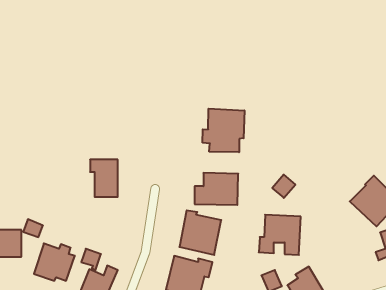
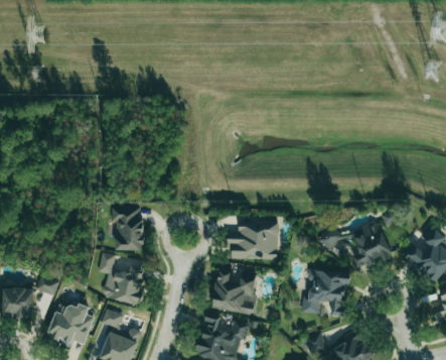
building: [203,109,244,152] -> none
building: none -> [349,221,393,269]
building: none -> [98,252,146,305]

